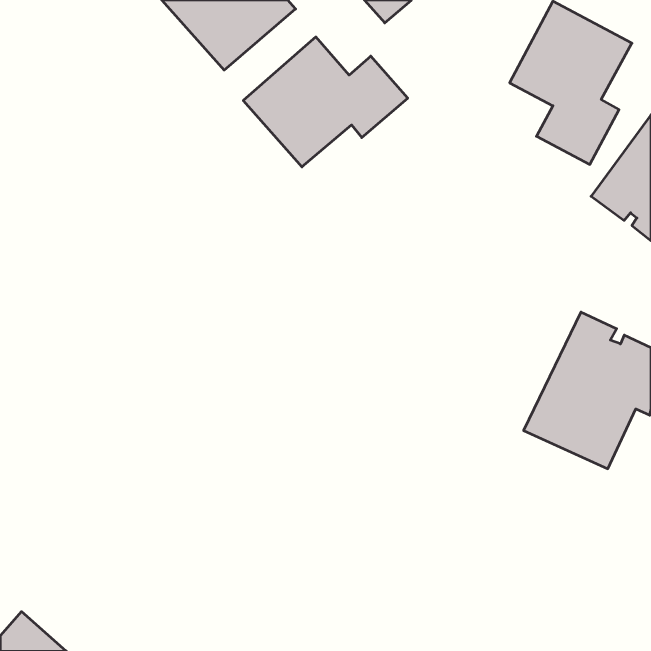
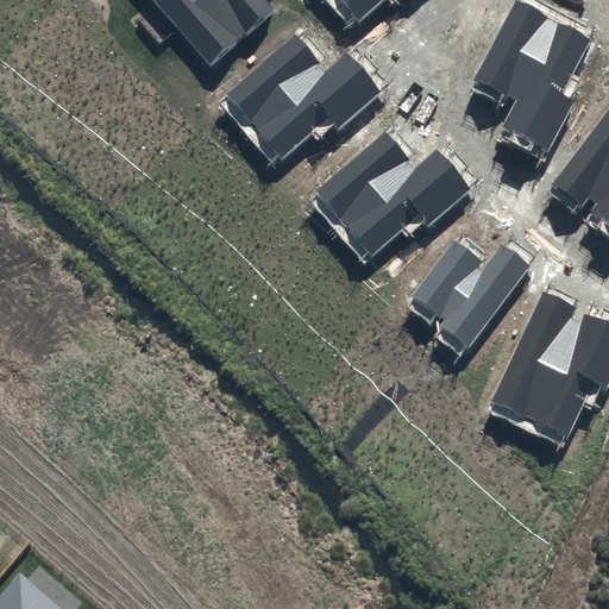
building: none -> [316,132,471,255]
building: none -> [413,239,529,346]

